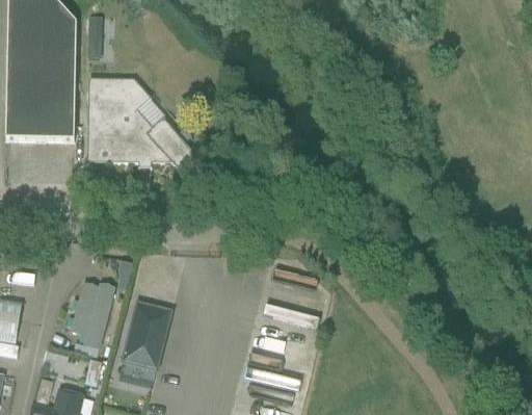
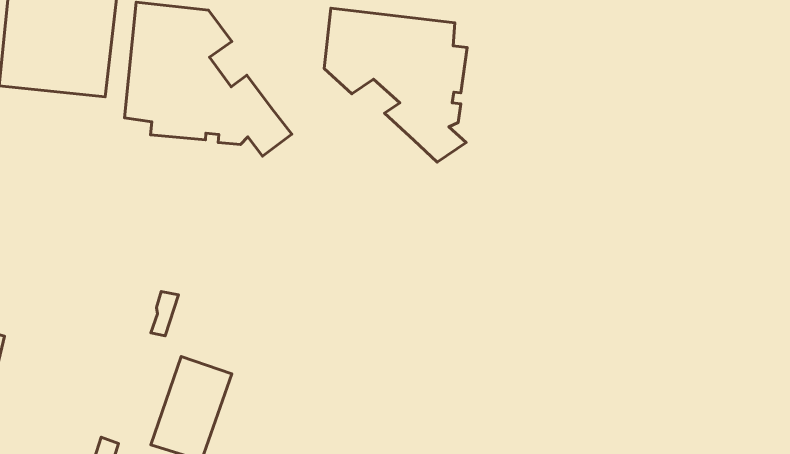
building: none -> [324,8,467,162]
building: [71,283,114,355] -> none

